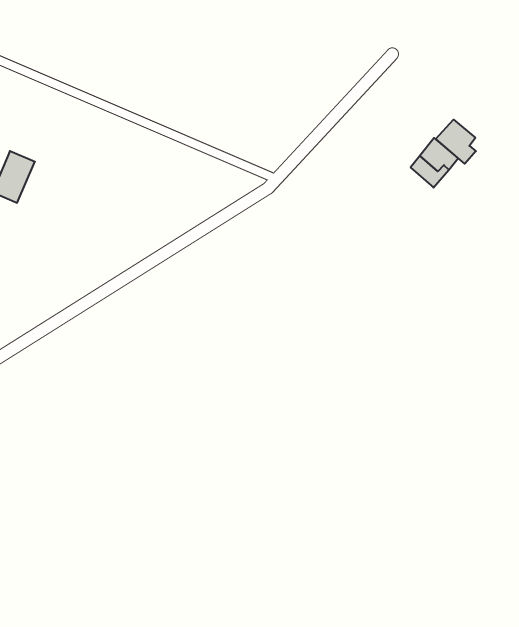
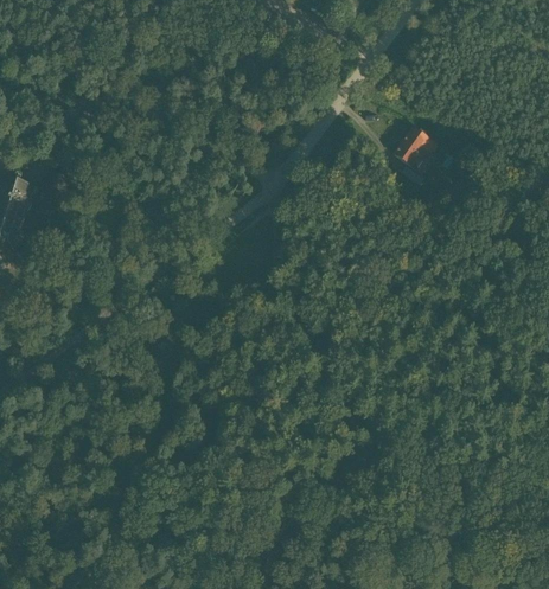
building: [436,120,476,164] -> none

